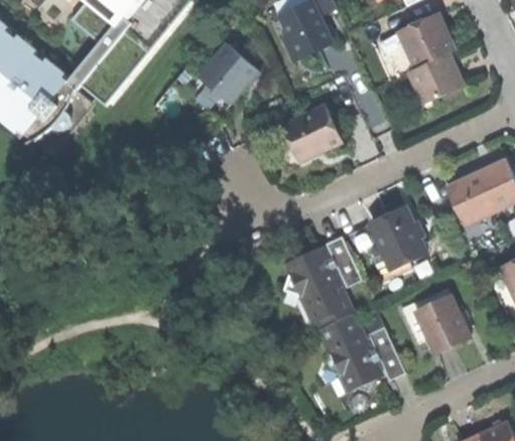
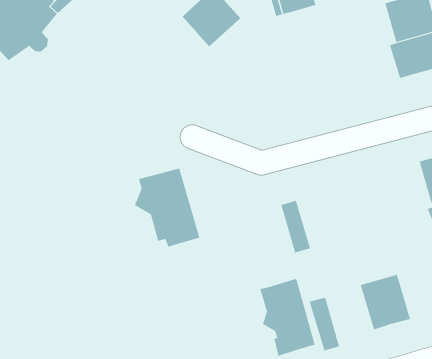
building: [281,106,342,162] -> none
building: [370,207,424,268] -> none
building: [282,248,352,327] -> [134,168,200,247]

